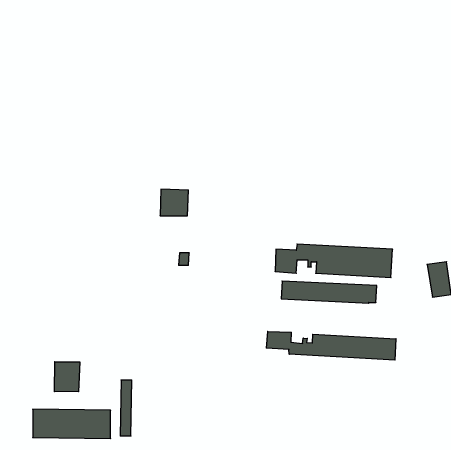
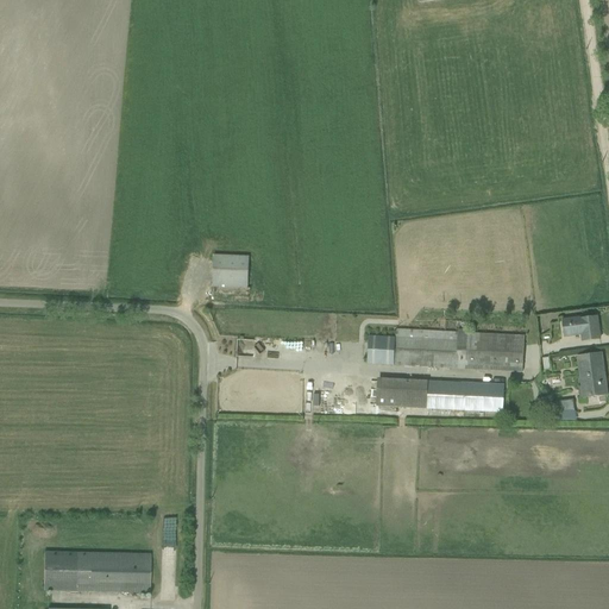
building: none -> [560,315,599,340]
building: [266,331,396,360] -> none
building: [54,362,80,392] -> none

